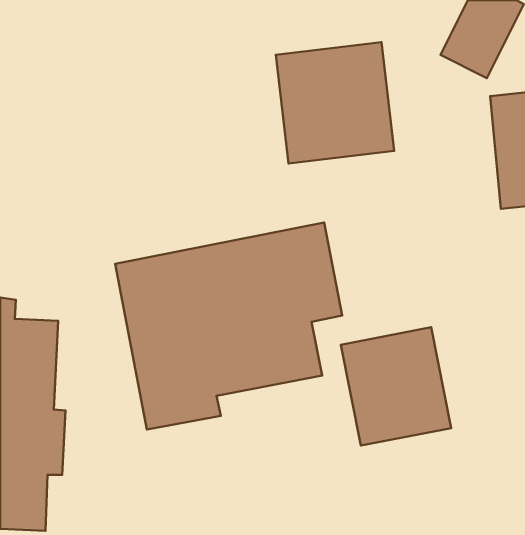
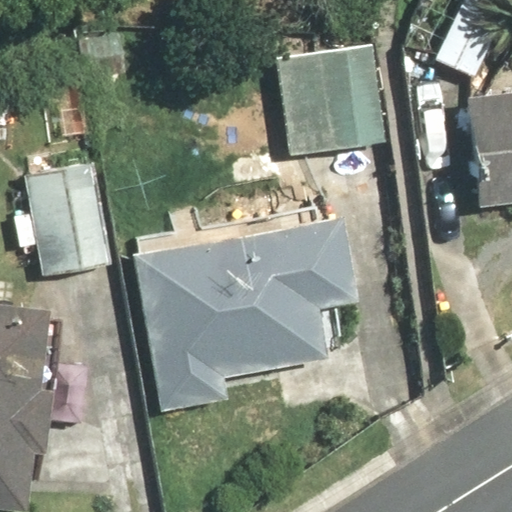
building: none -> [22,160,108,282]
building: [341,327,451,446] -> none

